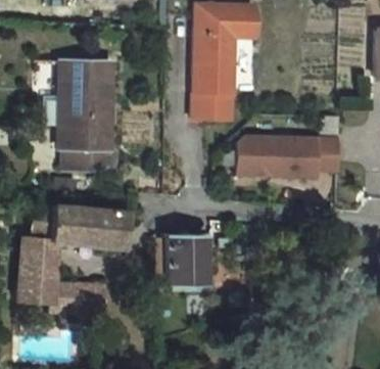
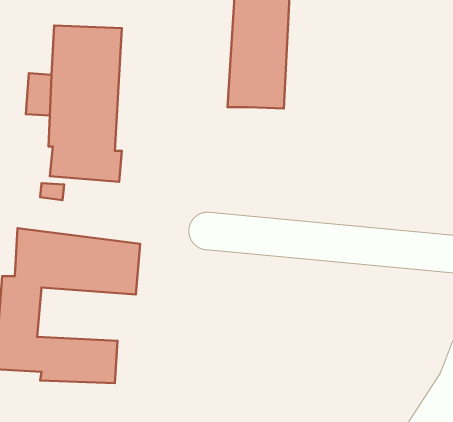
building: [234,108,336,169] -> none
building: [161,234,218,284] -> none

